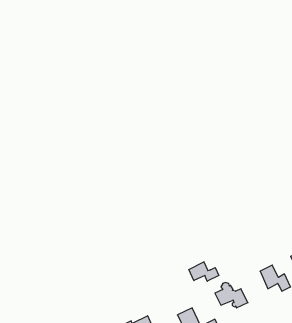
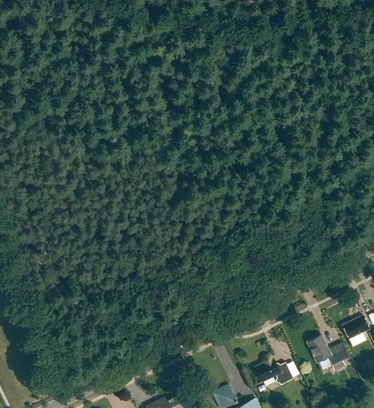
building: [189,262,219,281] -> none

